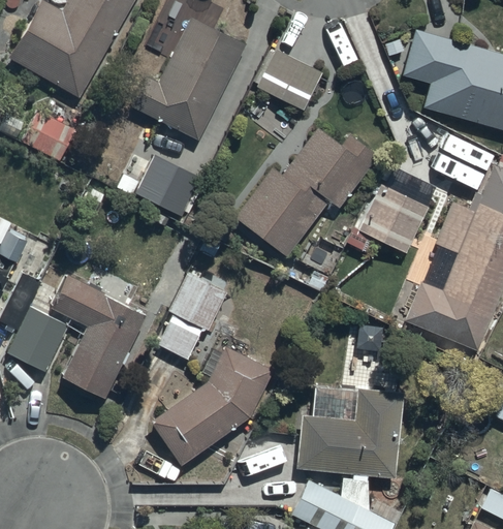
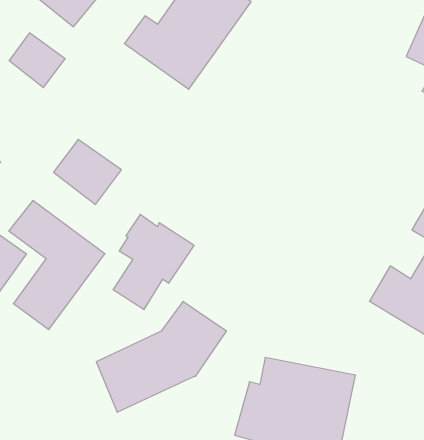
building: [257,51,323,112] -> none
building: [234,127,379,258] -> none
building: [136,156,201,216] -> [54,139,121,204]
building: [358,184,429,253] -> none

